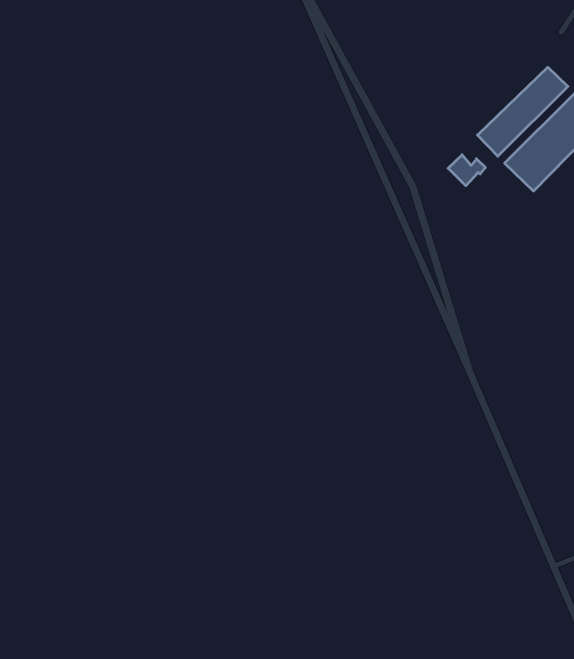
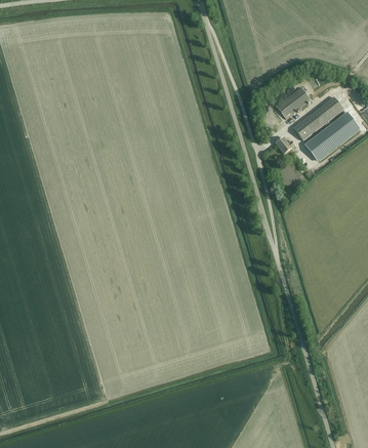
building: none -> [275,86,310,119]

